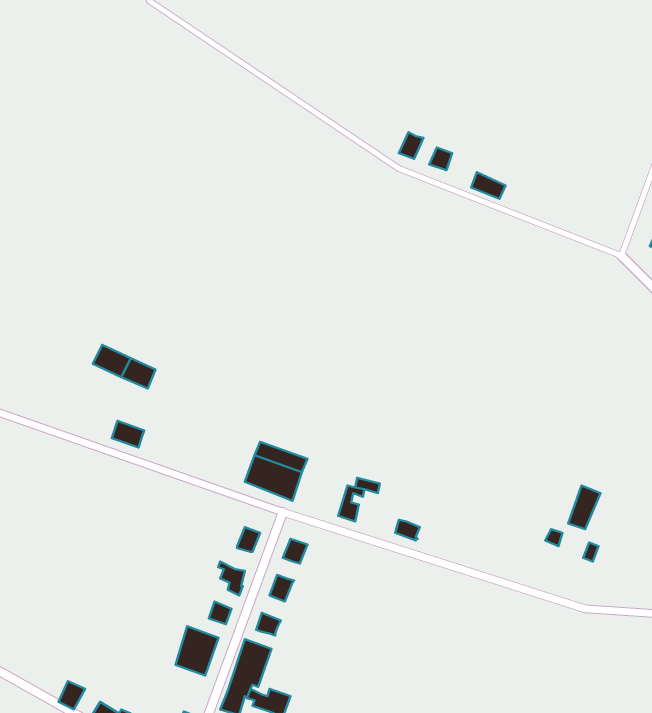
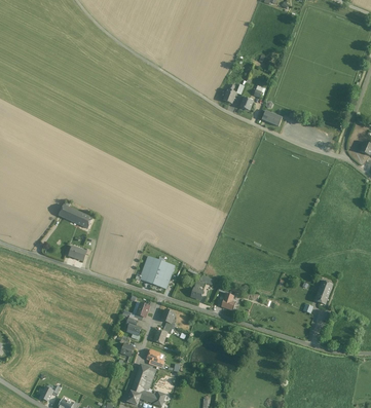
building: [176,626,219,675] -> none

